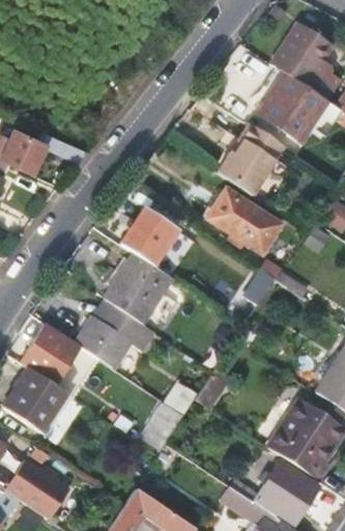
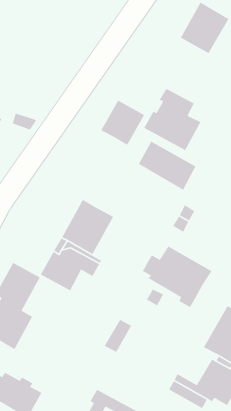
building: [258,73,328,141] -> none
building: [119,205,176,263] -> [100,99,145,146]
building: none -> [142,245,213,308]

